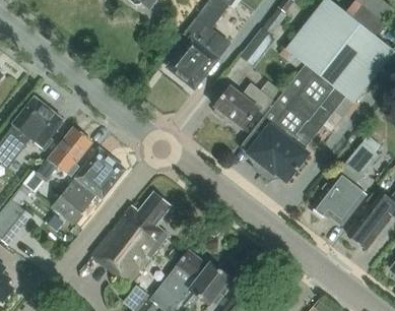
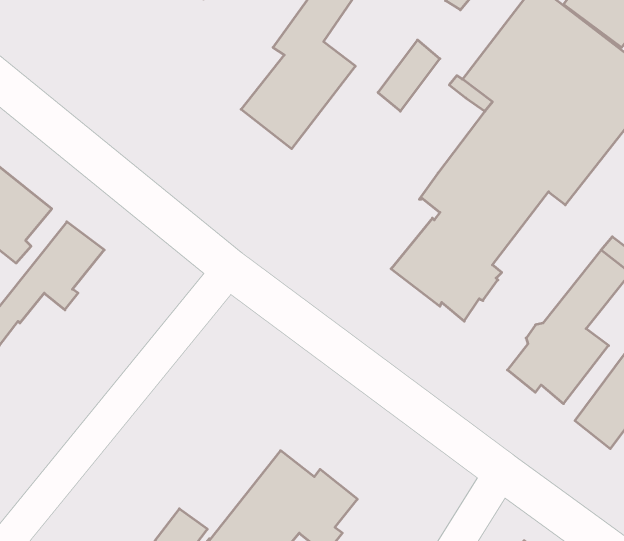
building: [213,83,273,129] -> none
building: [54,148,125,223] -> none
building: [92,192,170,284] -> none

